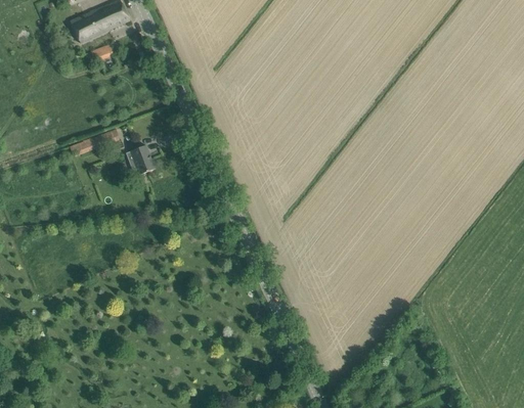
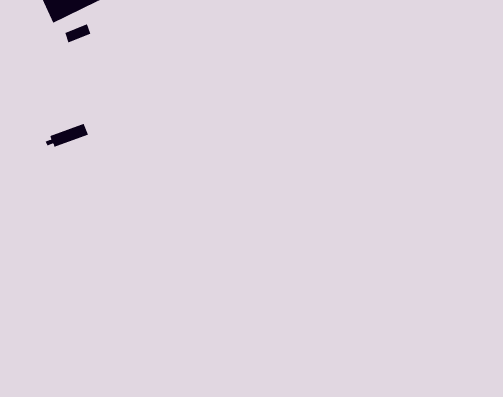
building: [128,145,155,176] -> none

